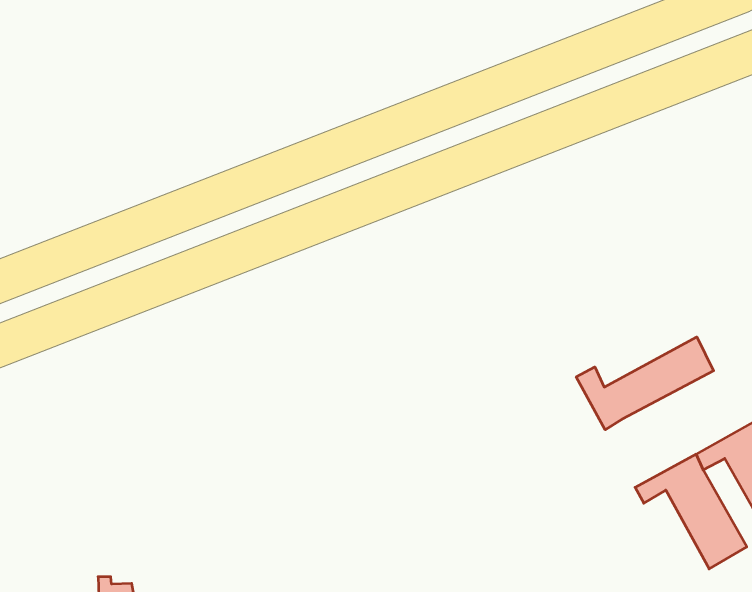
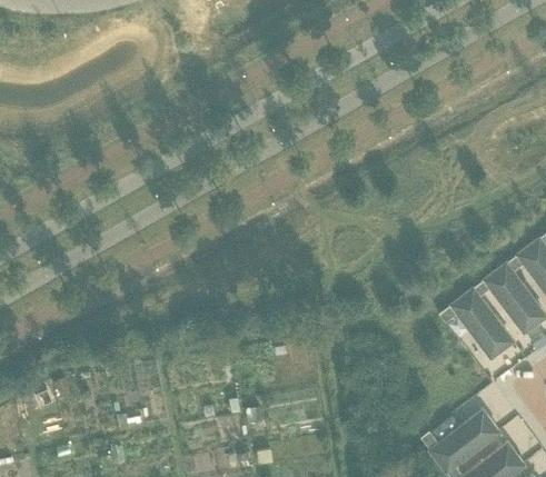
building: [576,337,714,430] -> none

